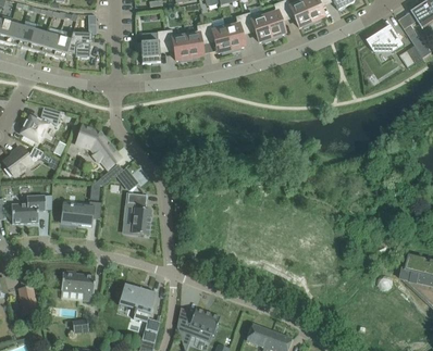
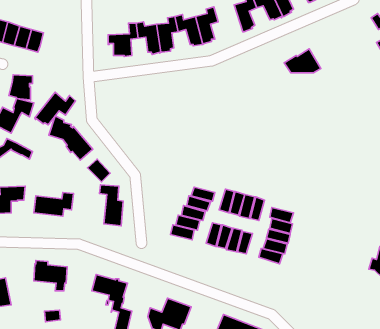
building: [243,12,272,42] -> none
building: [367,26,404,50] -> [284,49,321,73]
building: [67,33,91,58] -> [9,75,33,100]
building: none -> [35,92,76,125]

